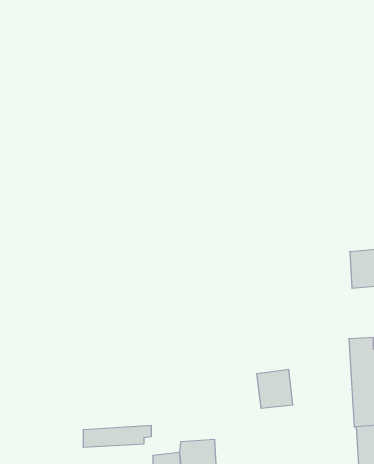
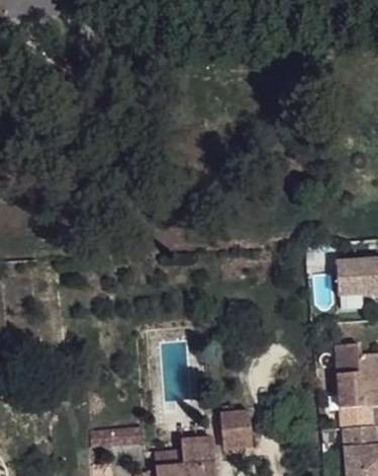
building: [257,369,293,408] -> [217,411,252,448]

